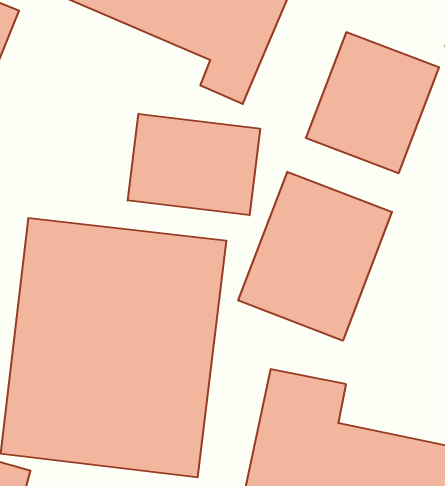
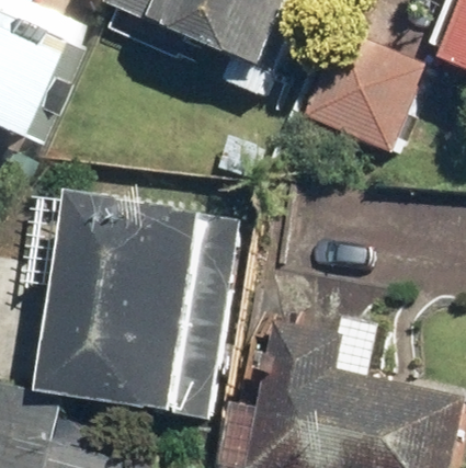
building: [128,114,260,215] -> none
building: [238,172,392,341] -> none

